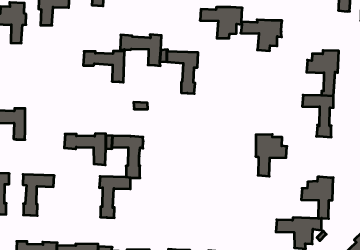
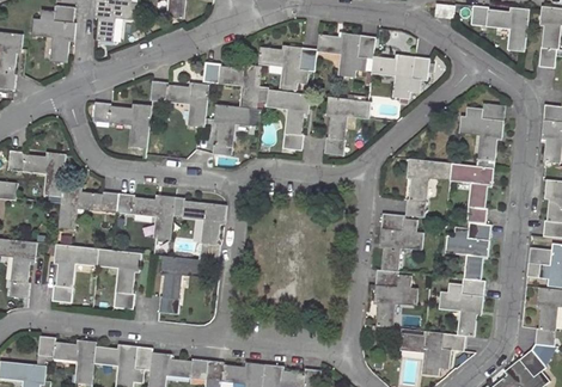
building: none -> [257,47,316,91]
building: none -> [323,97,369,155]
building: none -> [212,104,249,155]
building: none -> [92,102,151,148]
building: none -> [404,160,451,217]
building: none -> [57,185,117,229]
building: none -> [445,222,490,281]
building: none -> [373,270,417,328]
building: none -> [96,250,140,309]

